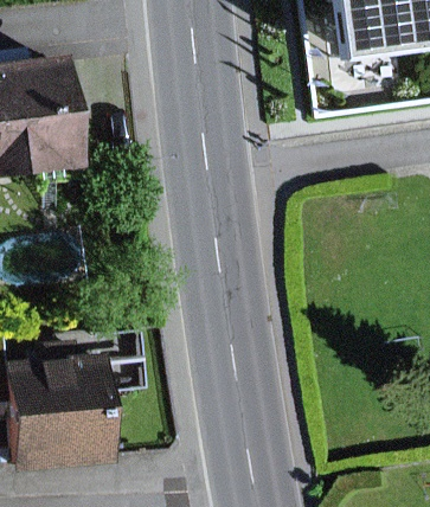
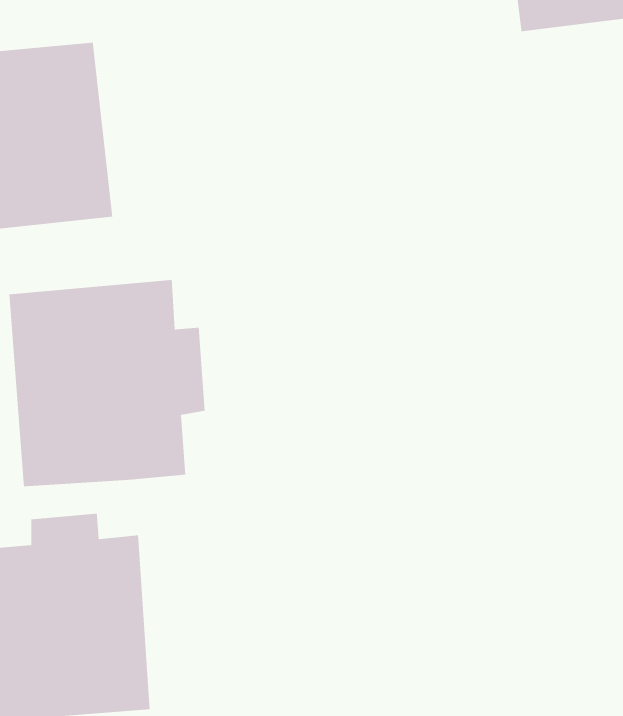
building: none -> [8,279,205,487]

